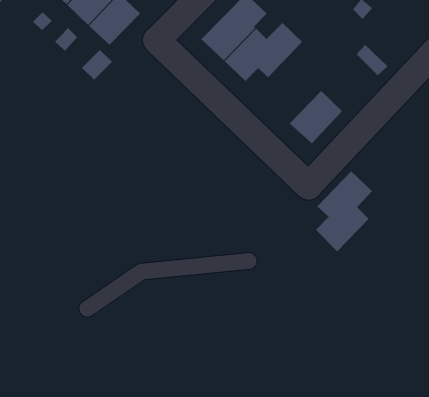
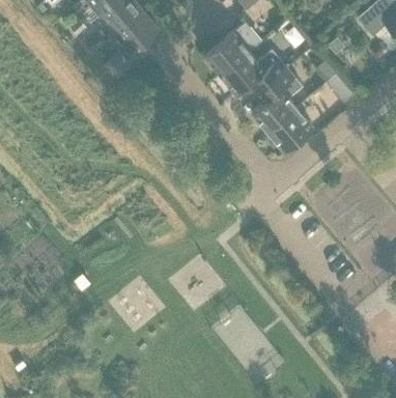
building: [315,170,373,252] -> [252,67,302,132]

